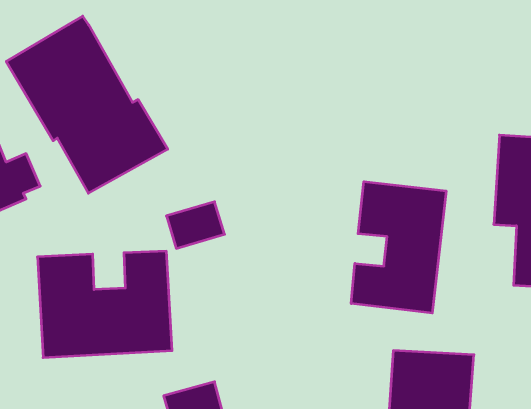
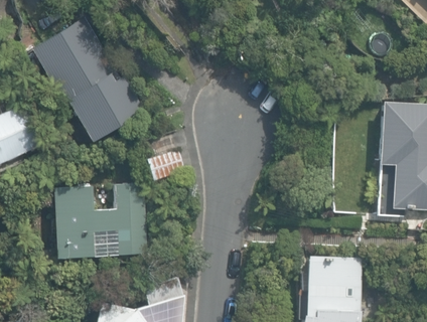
building: [351,182,446,313] -> none

